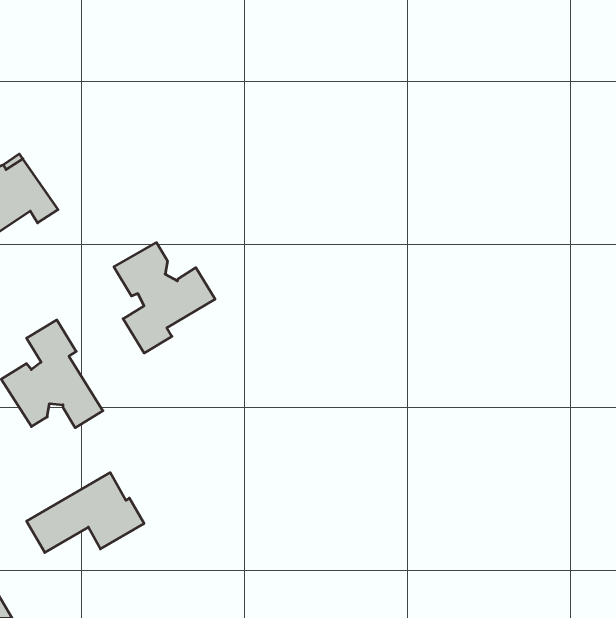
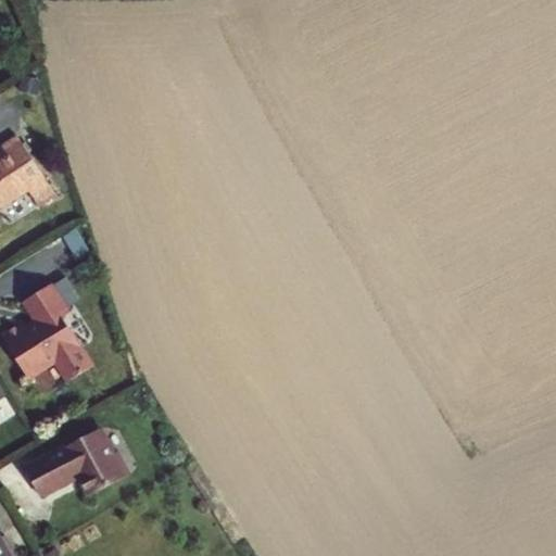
building: [114,243,215,353] -> none

